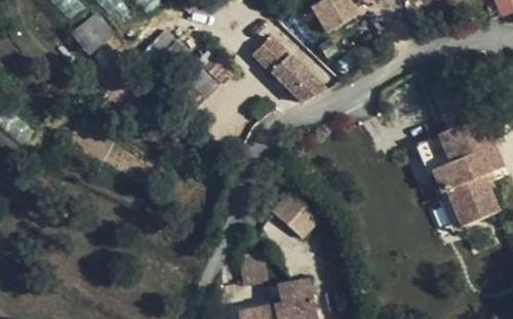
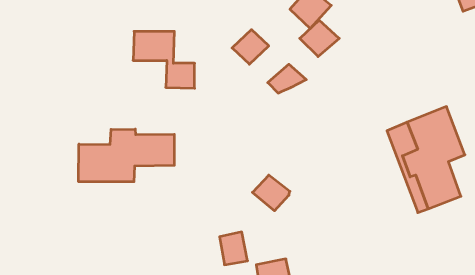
building: [71,9,115,53] -> none
building: [271,51,313,90] -> [300,20,339,57]
building: none -> [79,129,174,182]

